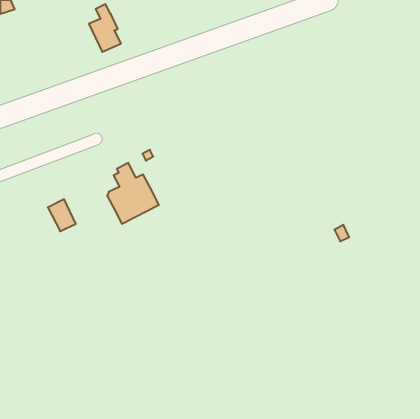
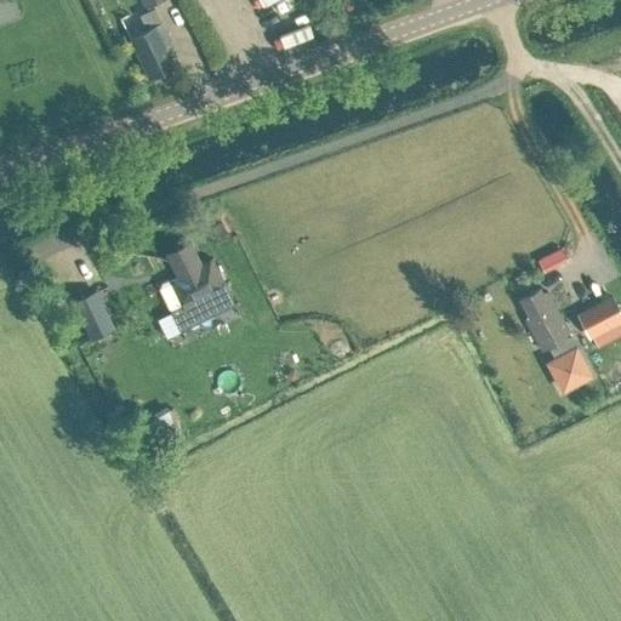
building: none -> [519,289,591,389]
building: none -> [579,304,614,346]

